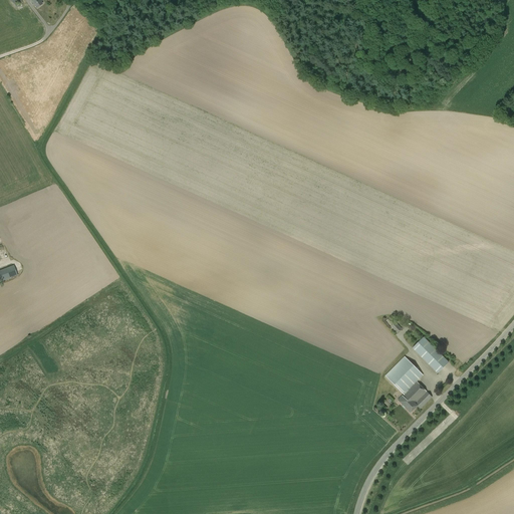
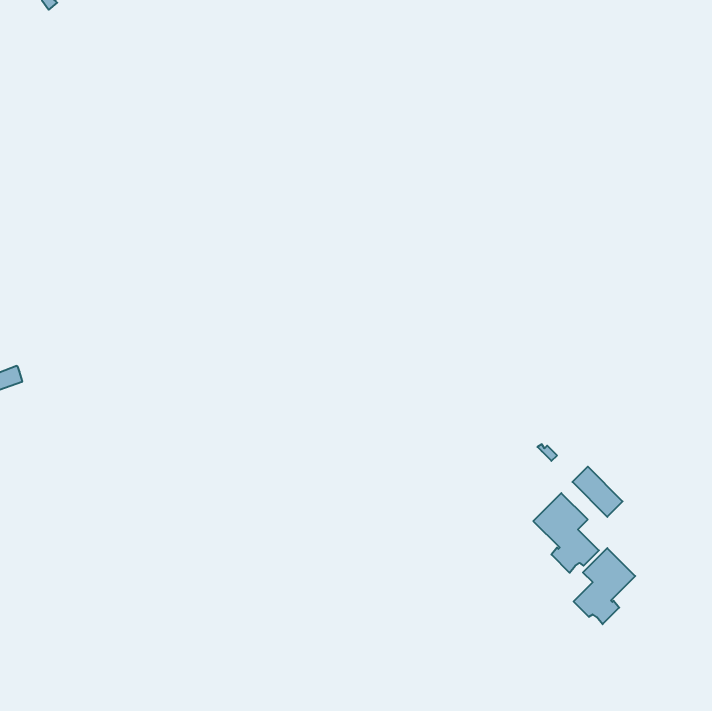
building: none -> [574,548,635,624]

